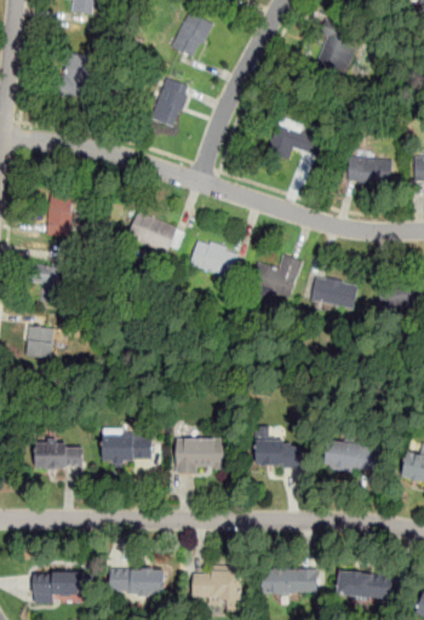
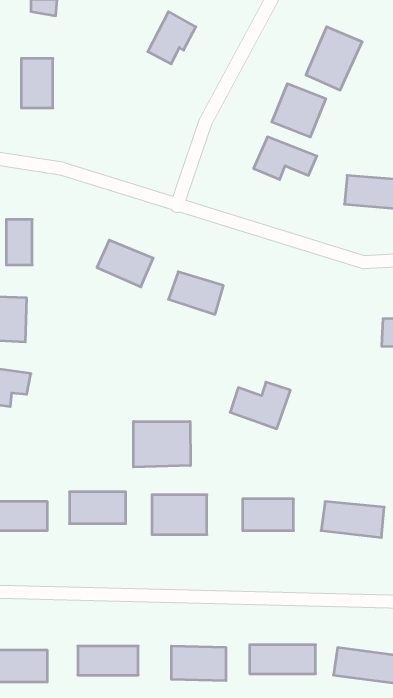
building: none -> [272,84,326,137]
building: [151,76,189,125] -> none
building: [250,257,303,298] -> [230,382,290,429]
building: [310,276,359,308] -> none
building: none -> [133,421,190,467]

